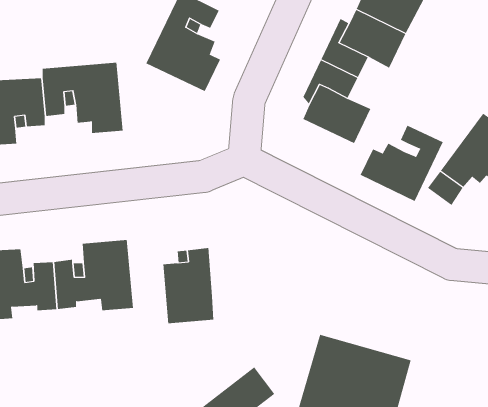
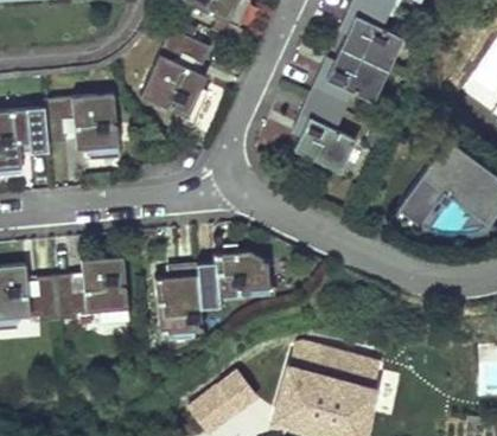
building: [360,125,444,202] -> none
building: none -> [198,250,270,308]

